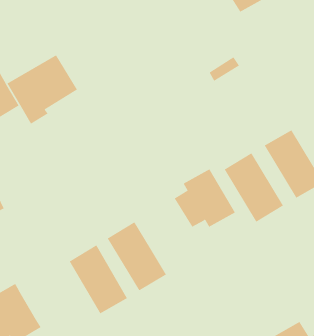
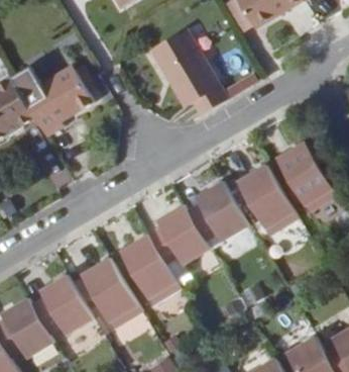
building: none -> [149,31,225,115]
building: none -> [147,206,209,266]
building: none -> [31,276,92,336]

